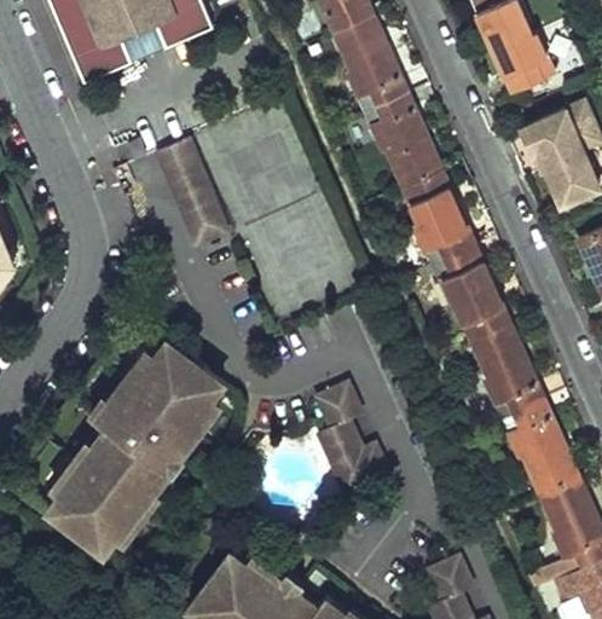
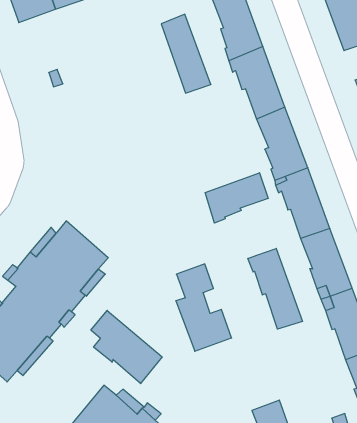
building: [158,141,228,244] -> [161,14,211,93]
building: none -> [205,173,268,223]
building: none -> [248,248,303,329]
building: none -> [91,310,162,384]

